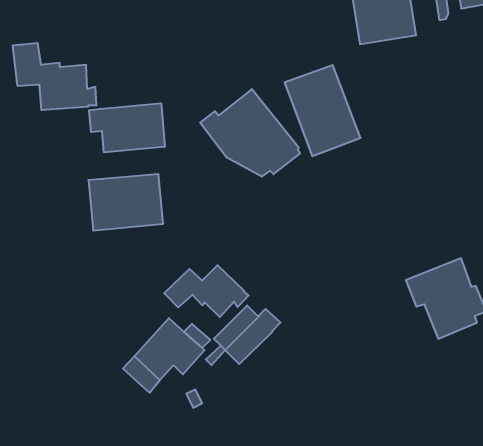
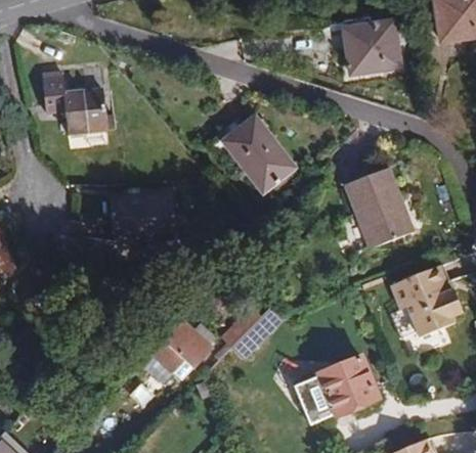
building: [285,65,361,156] -> [345,168,413,248]
building: [89,103,165,152] -> none
building: [164,265,249,317] -> none
building: none -> [294,355,380,425]

